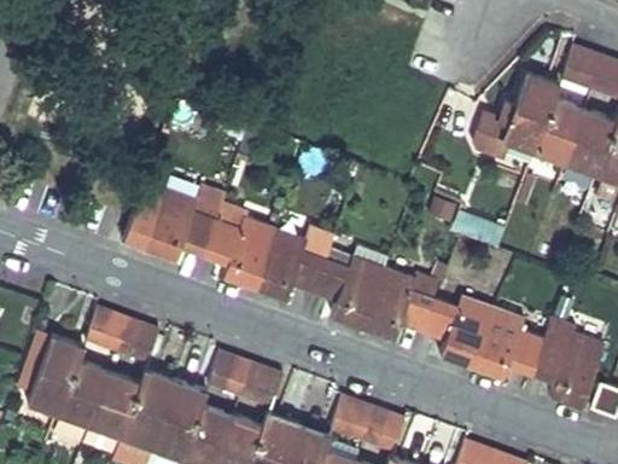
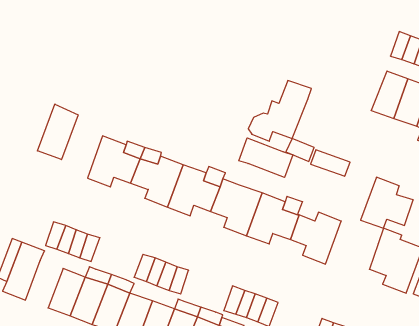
building: [473,75,560,158] -> [248,81,311,141]
building: none -> [37,104,78,160]
building: none -> [239,138,293,177]
building: [471,307,543,377] -> [361,177,413,228]
building: [58,361,110,427] -> none

